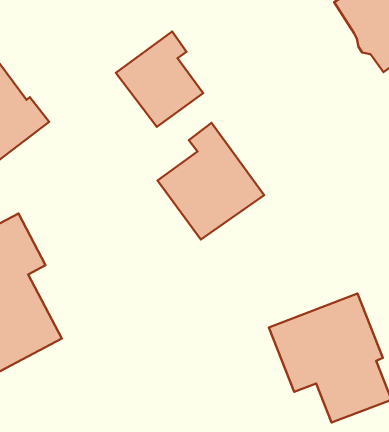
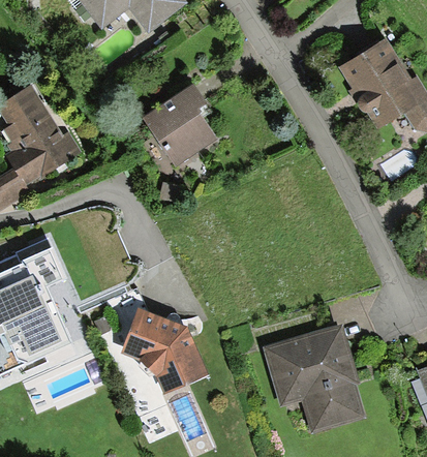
building: [158,123,264,239] -> none
building: none -> [119,309,206,394]

